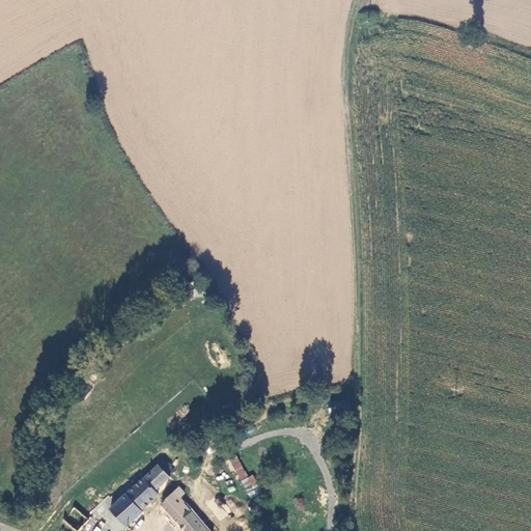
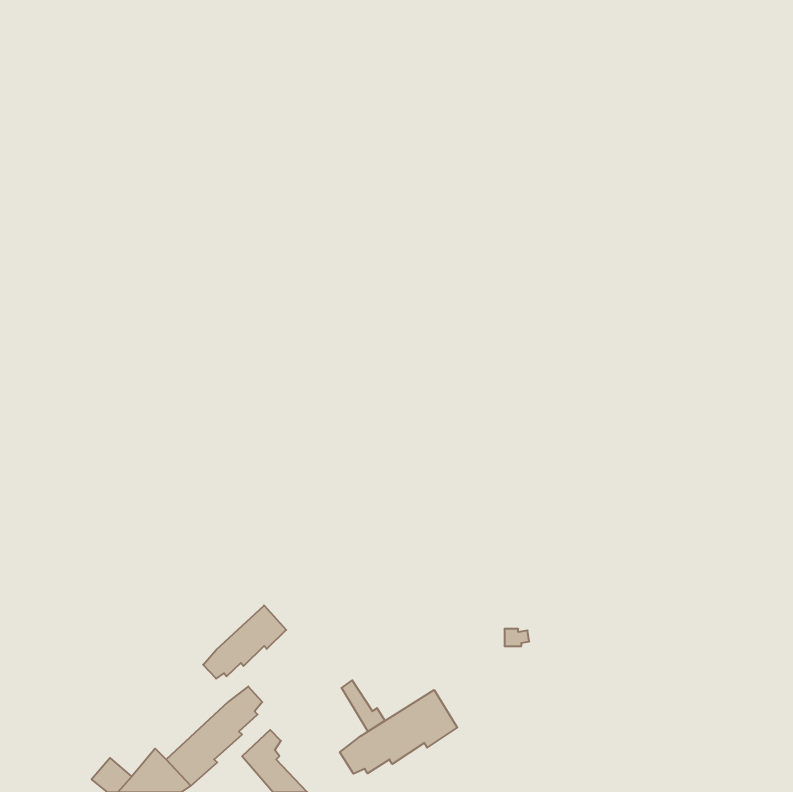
building: none -> [203,605,286,679]
building: none -> [340,690,457,774]

